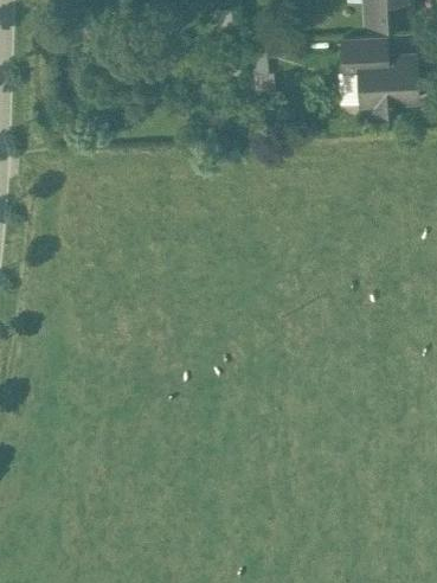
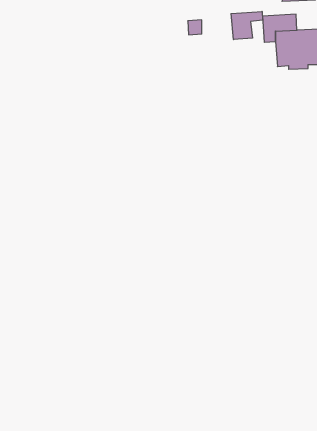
building: none -> [231,11,263,40]

